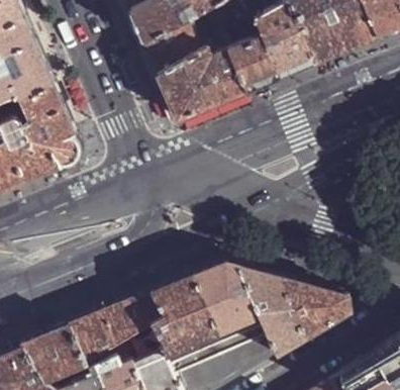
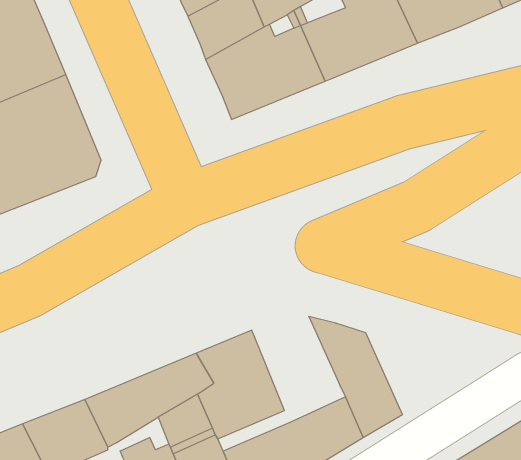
building: [192,263,258,335] -> none
building: [277,278,347,338] -> none

